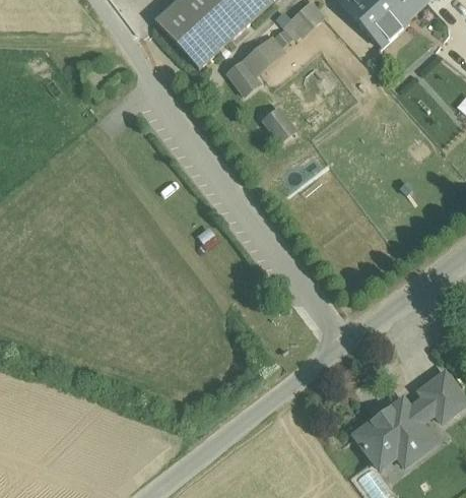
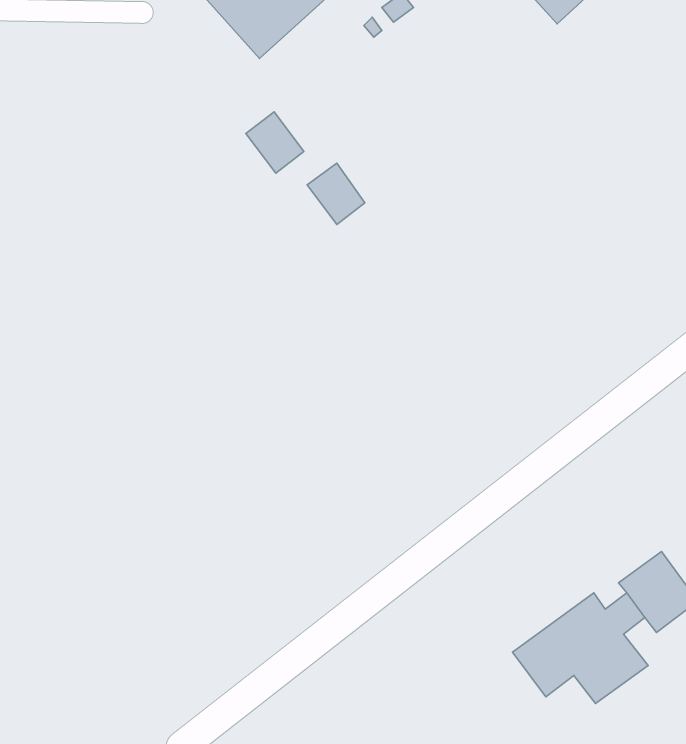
building: [227,58,263,96] -> [246,112,304,173]
building: [263,105,298,142] -> [307,163,365,224]

